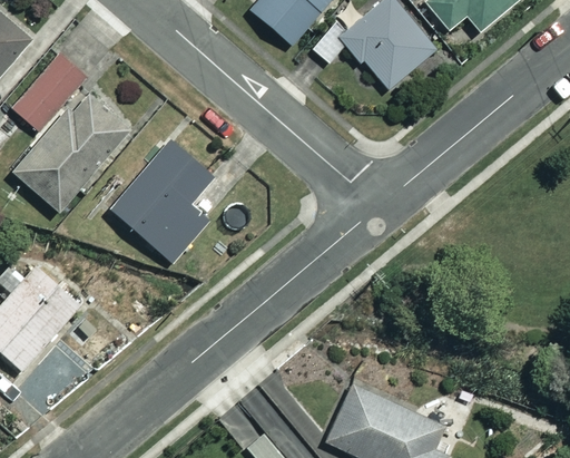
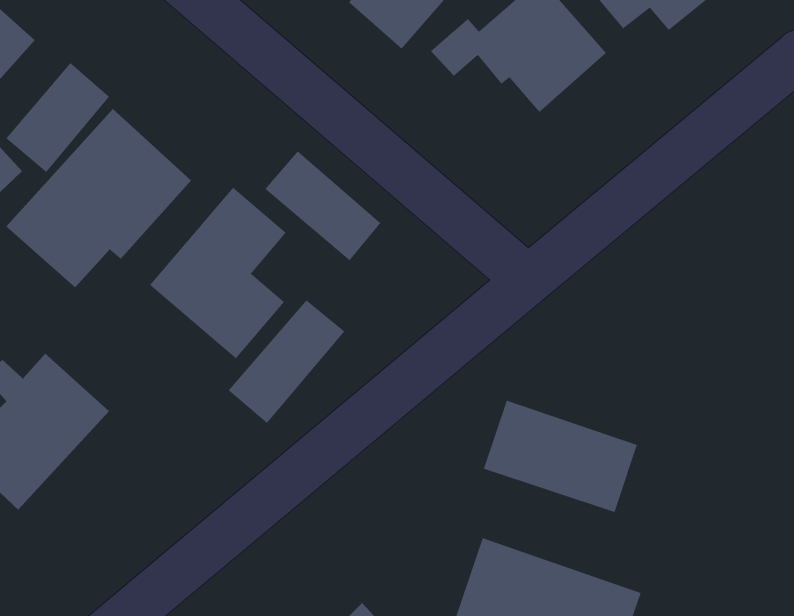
building: none -> [265,150,381,261]
building: none -> [228,300,345,424]
building: none -> [483,400,638,513]

